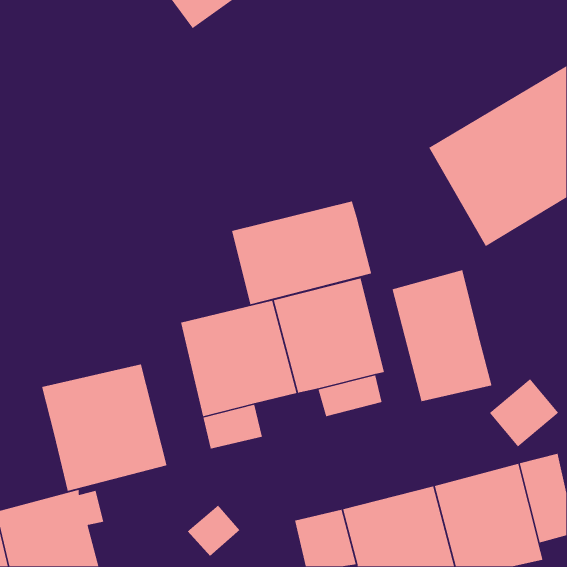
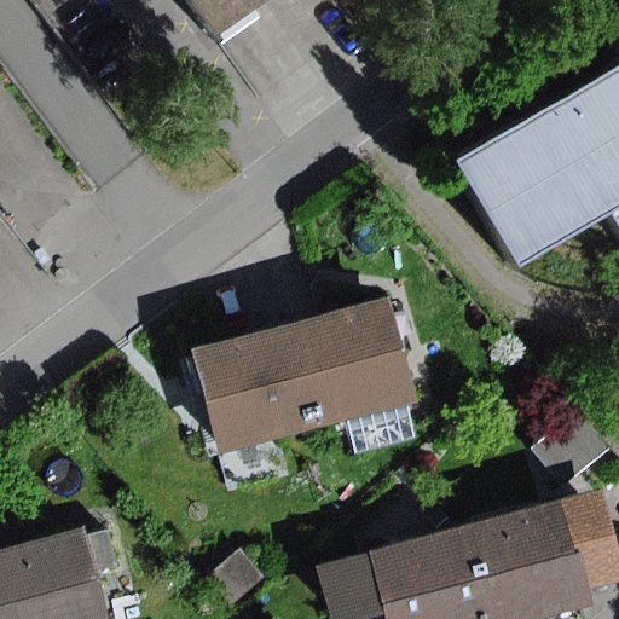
building: [231,201,372,305] -> none
building: [391,269,492,402] -> none
building: [41,363,167,492] -> none

